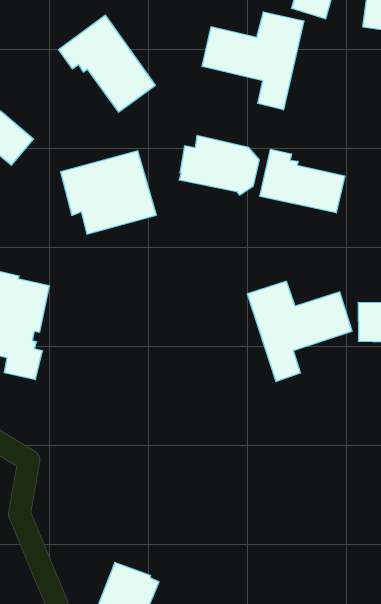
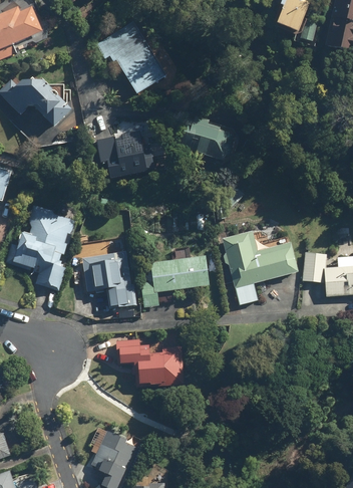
building: [202,12,304,110] -> none
building: [260,149,345,213] -> none
building: none -> [140,255,209,306]
building: none -> [82,250,133,308]
building: none -> [116,337,185,387]

